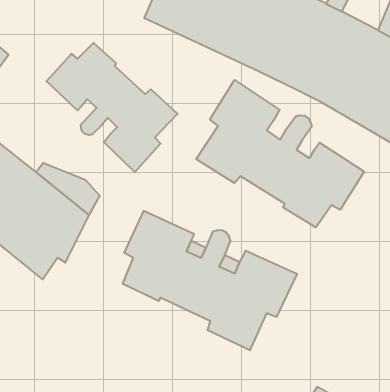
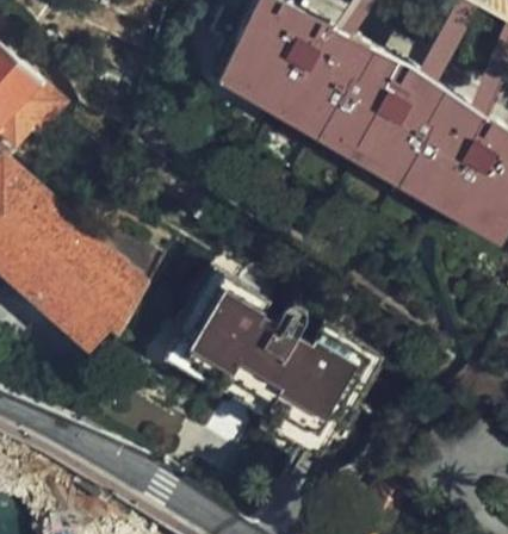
building: [46,43,178,172] -> none
building: [196,80,364,227] -> none

